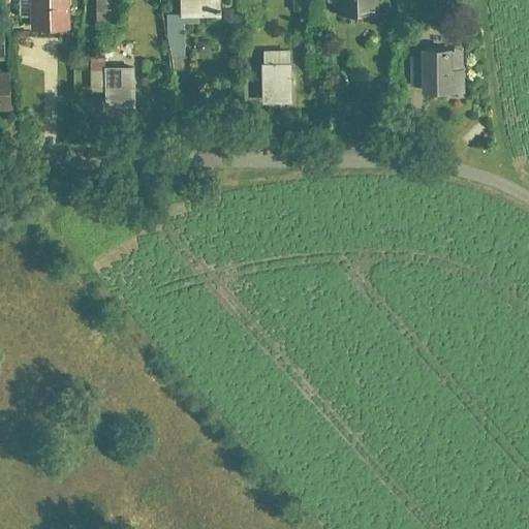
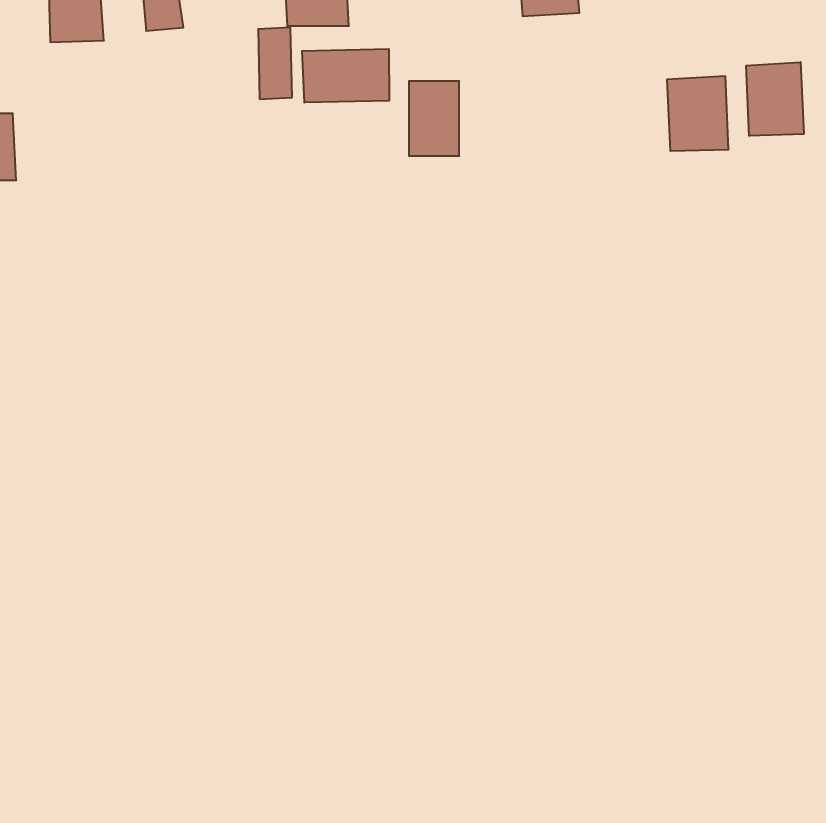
building: none -> [302,49,389,103]
building: none -> [746,62,804,136]
building: [105,64,134,112] -> none

